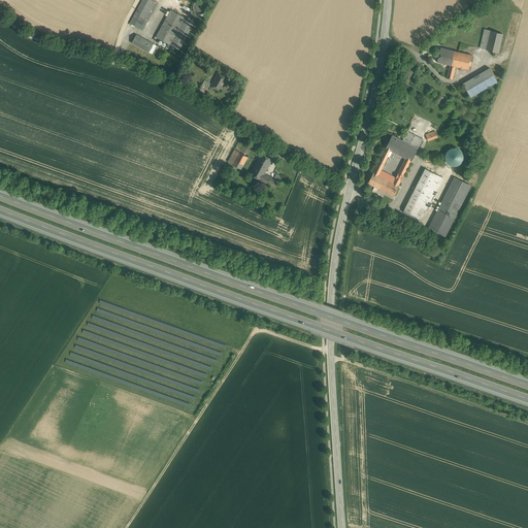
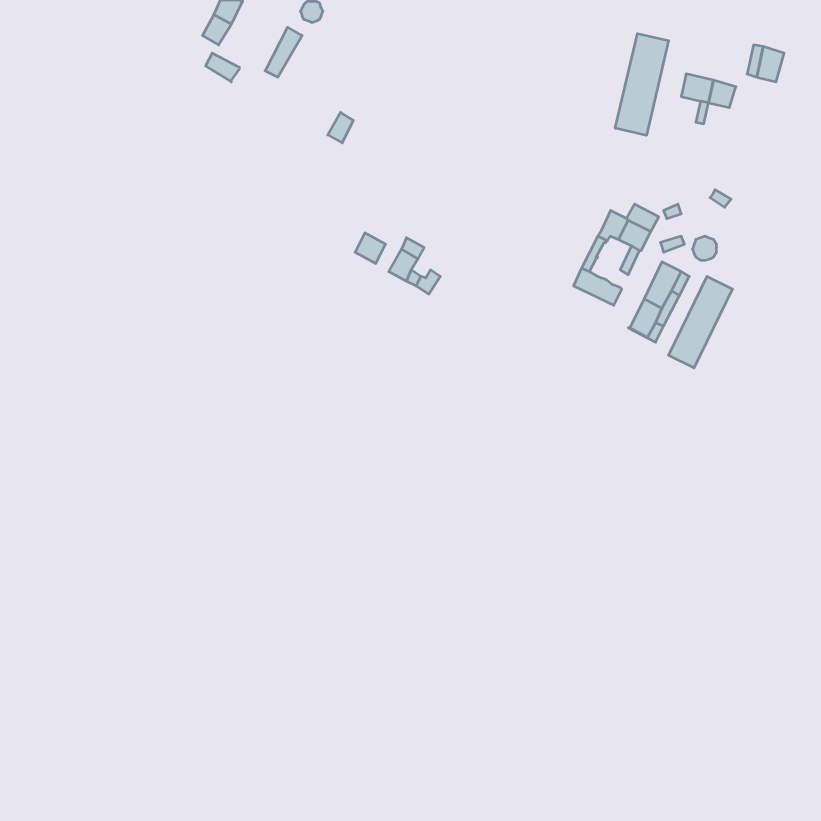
building: [156,9,185,45] -> none
building: none -> [615,34,669,135]
building: [463,68,497,97] -> none

